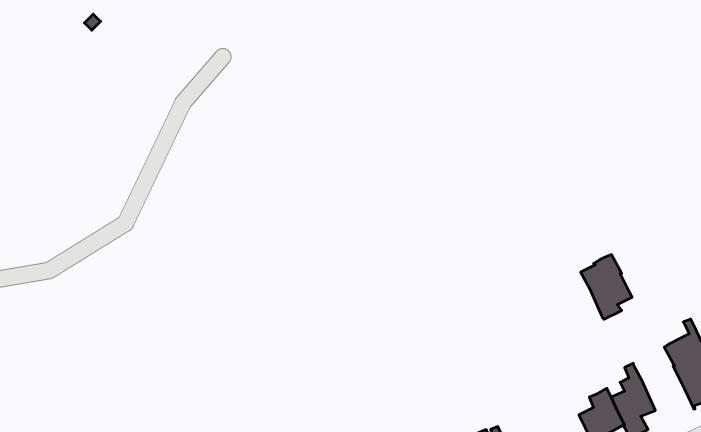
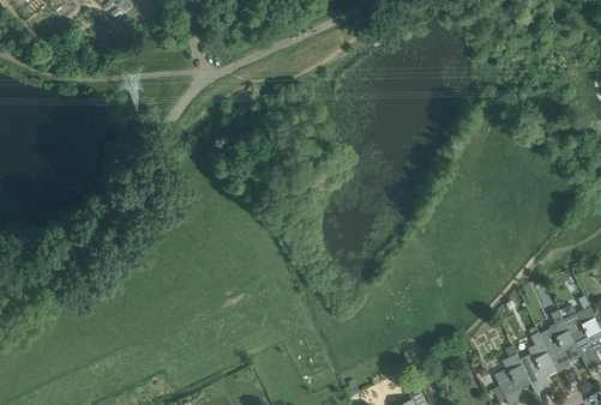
building: [581,255,632,319] -> [539,320,581,373]

